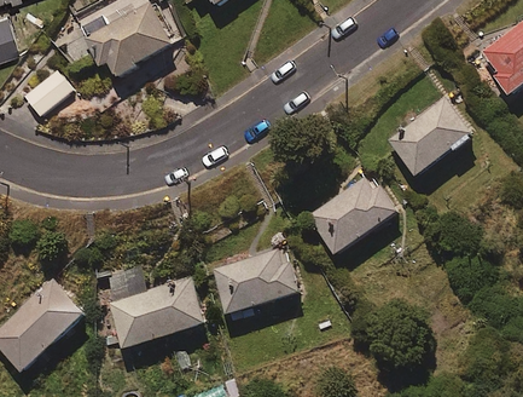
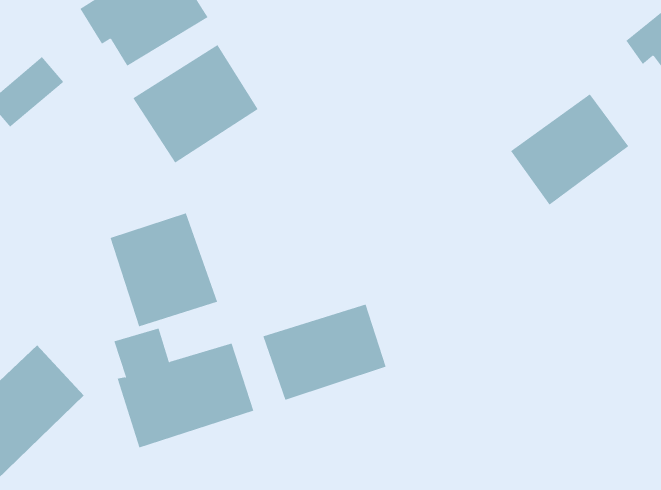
building: none -> [132,44,259,164]
building: [309,174,399,257] -> none
building: none -> [110,212,218,327]

